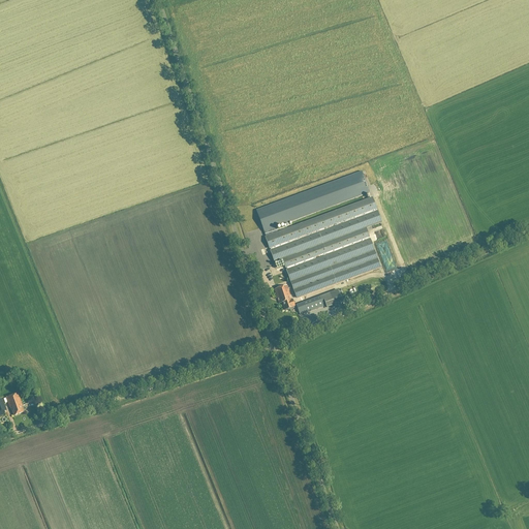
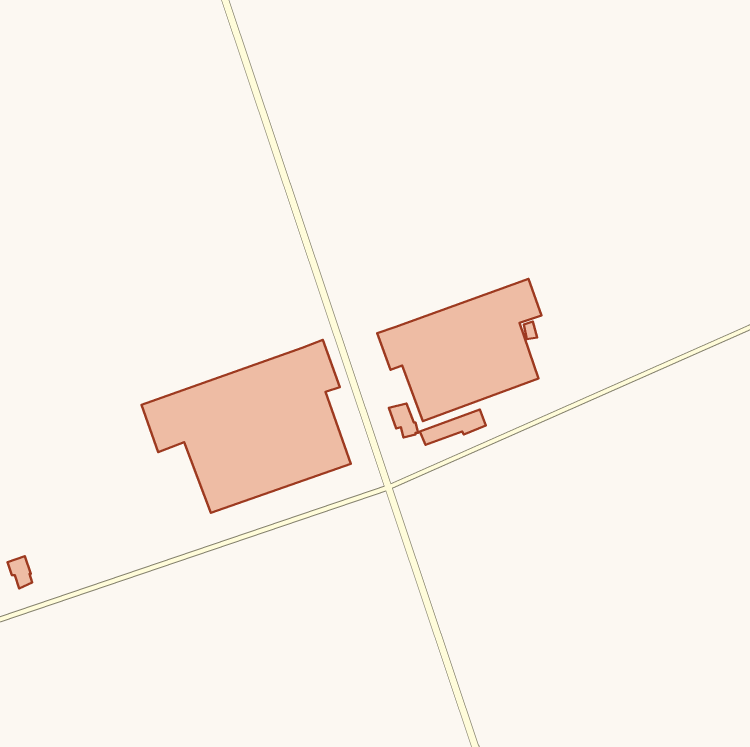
building: [256,170,370,235] -> none
building: none -> [141,340,351,513]

